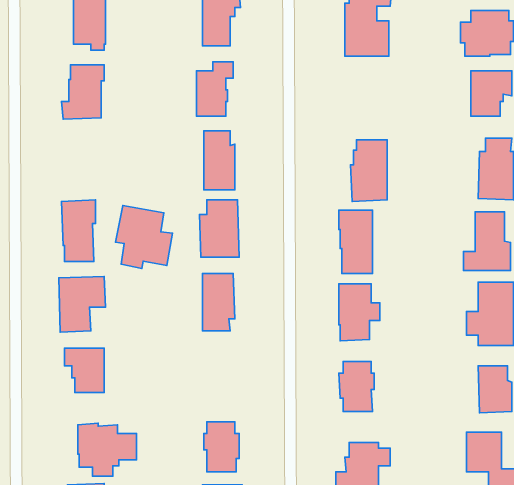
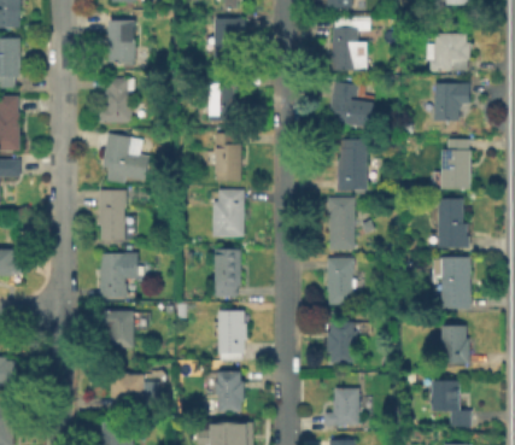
building: none -> [329,81,373,134]
building: [115,205,173,269] -> [103,133,150,185]
building: none -> [213,311,247,361]

